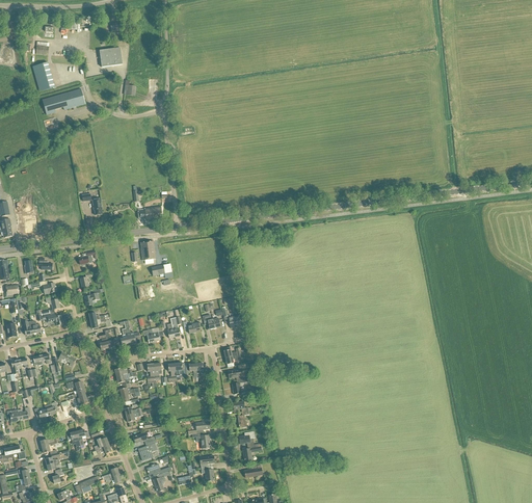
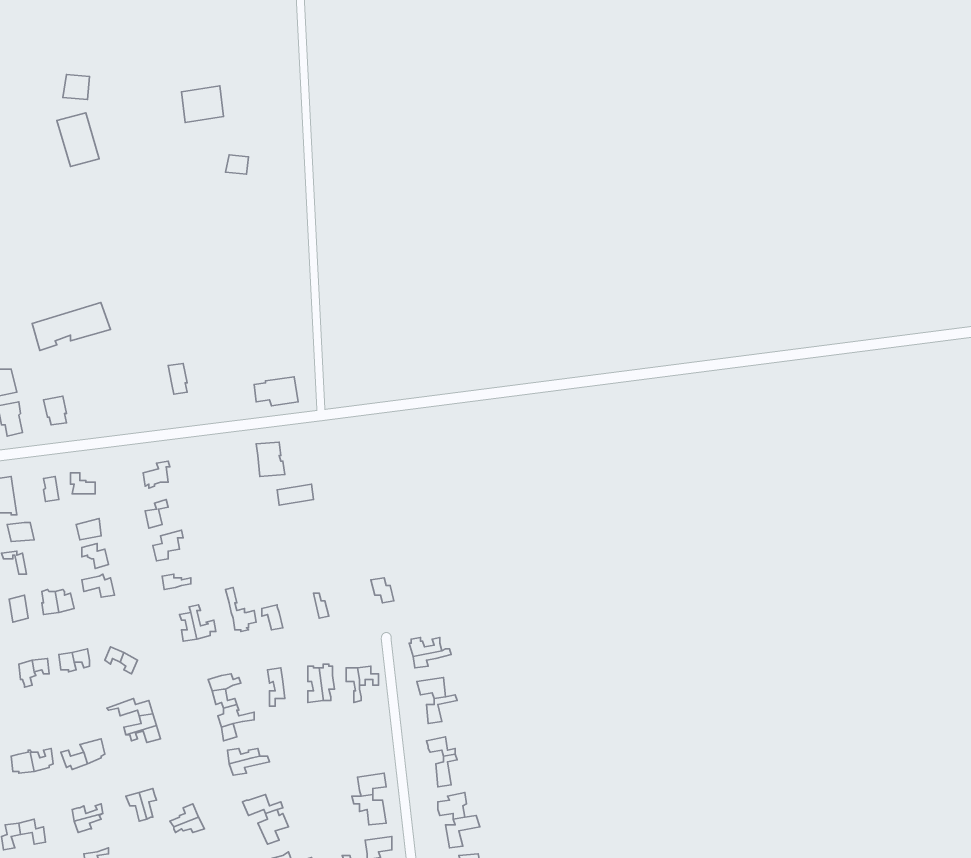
building: [43,88,85,114] -> [32,303,111,350]

